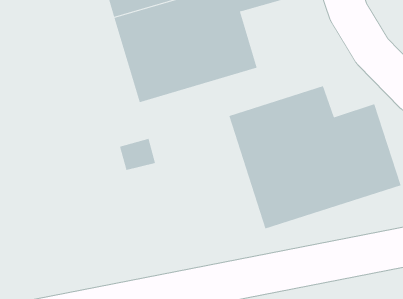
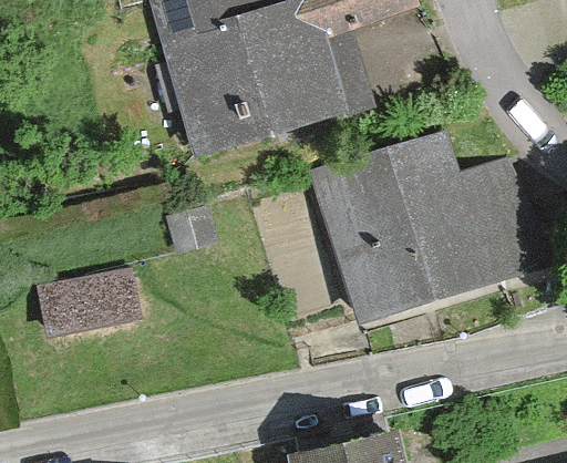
building: none -> [39,269,140,338]

